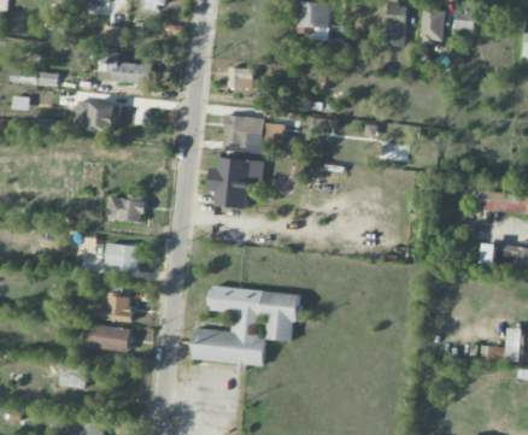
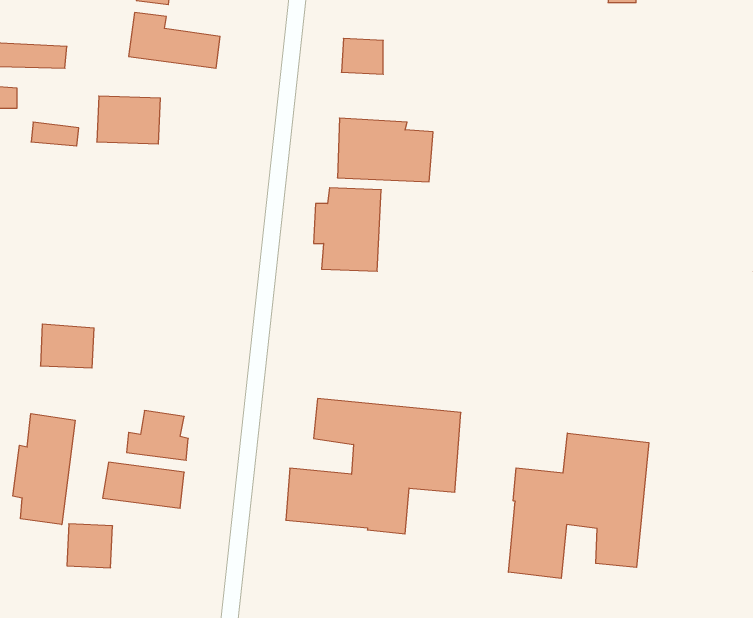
building: [107,198,145,222] -> none
building: [105,243,137,270] -> [40,324,94,368]
building: none -> [13,414,75,525]
building: none -> [508,433,649,578]

